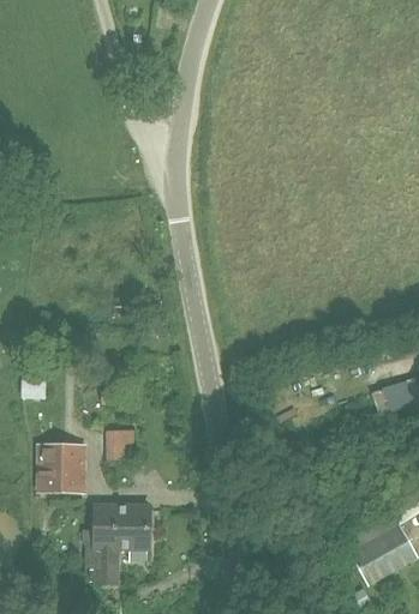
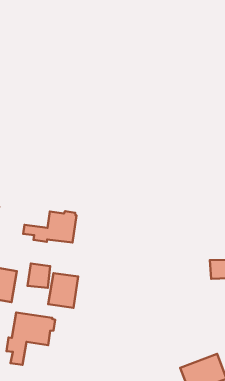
building: none -> [23,211,76,243]
building: none -> [48,273,78,308]

